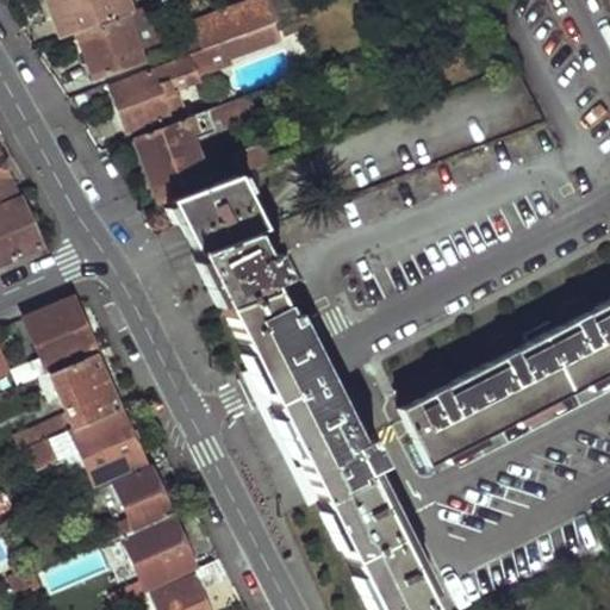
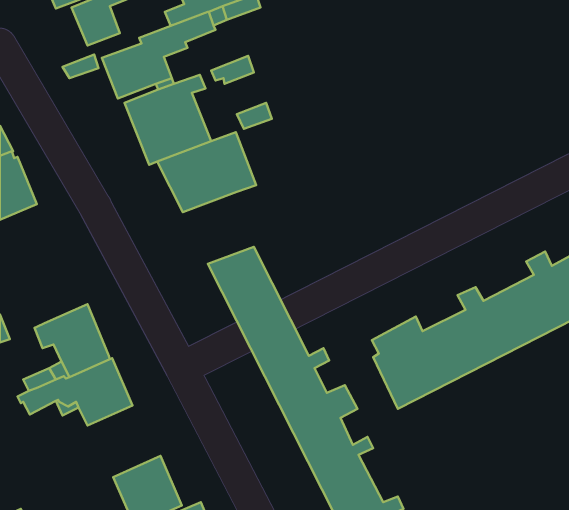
building: [199,232,288,309] -> none
building: [29,297,98,375] -> none
building: [100,462,175,535] -> none

